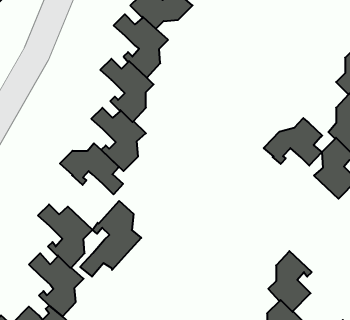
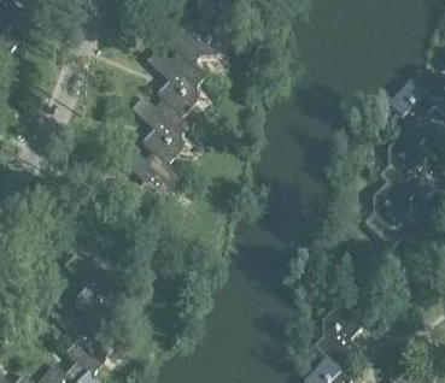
building: [264,118,322,166] -> none
building: [60,143,123,194] -> none
building: [80,201,141,277] -> none

